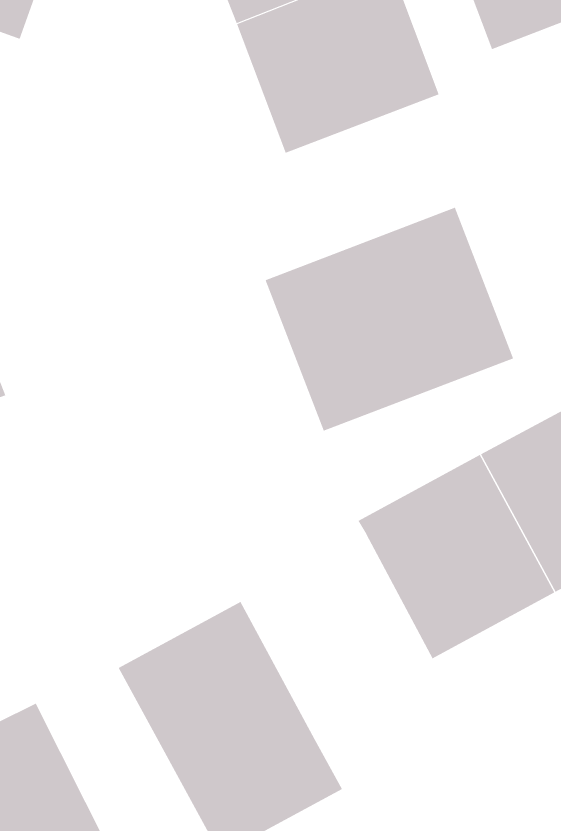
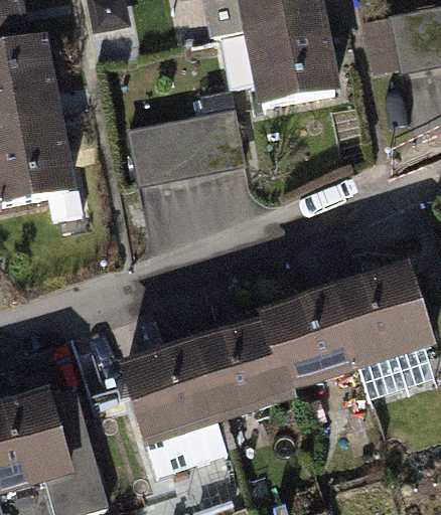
building: none -> [131,90,248,181]
building: [265,207,514,432] -> none
building: none -> [187,322,288,450]

